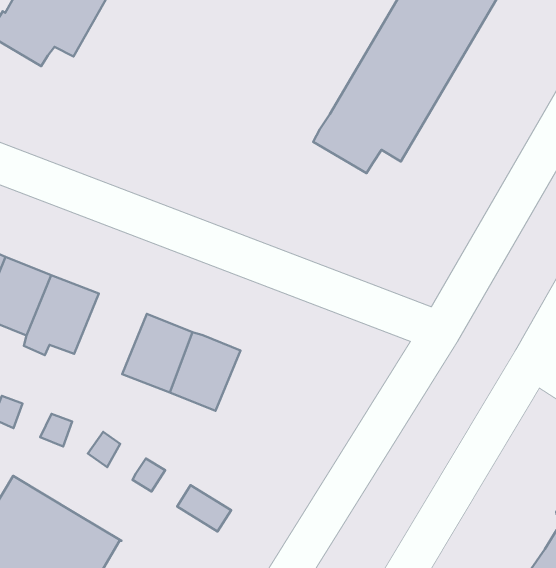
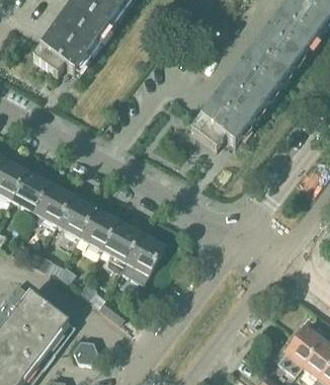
building: none -> [56,195,95,237]
building: none -> [119,232,164,283]

